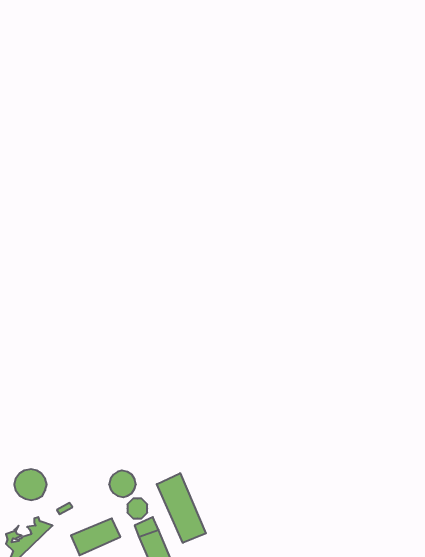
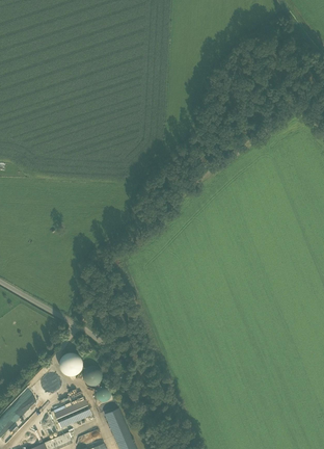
building: [14,469,47,500] -> [58,351,82,374]
building: [157,473,206,543] -> none

